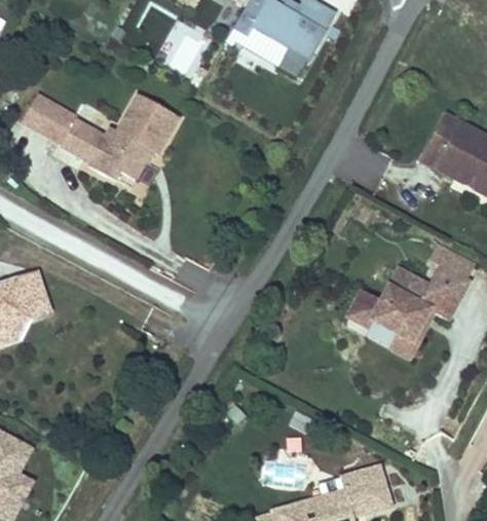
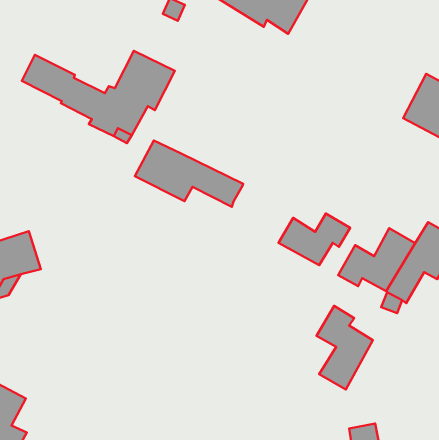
building: none -> [135,141,243,207]
building: none -> [279,214,350,265]
building: none -> [317,306,373,389]

